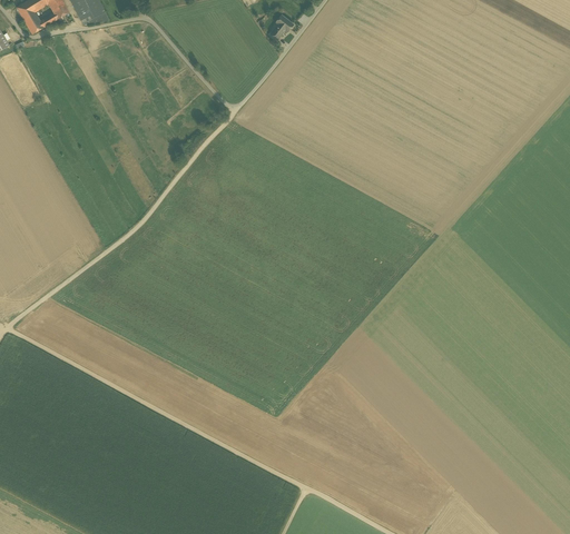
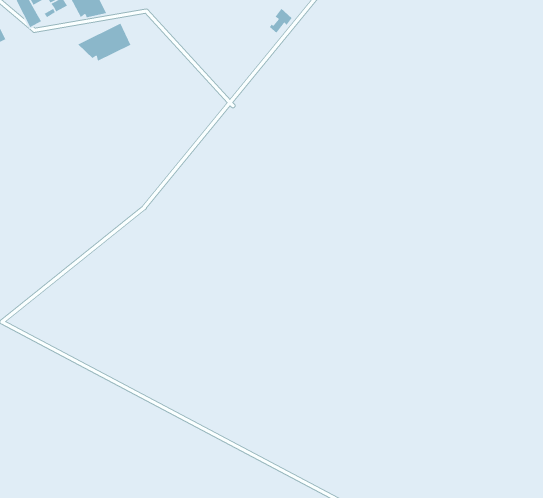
building: none -> [77,22,131,62]

